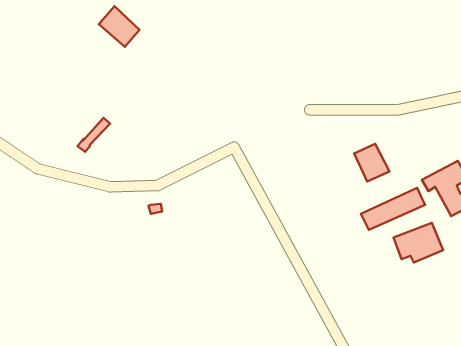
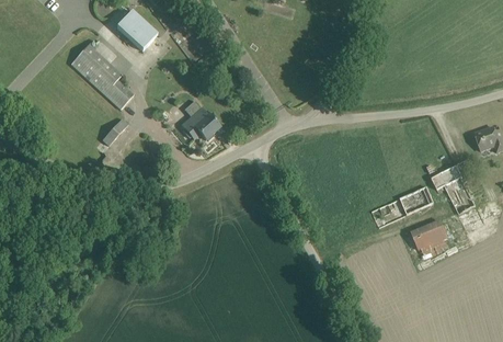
building: none -> [71,44,134,107]
building: none -> [181,99,220,140]
building: [354,144,389,182] -> none

